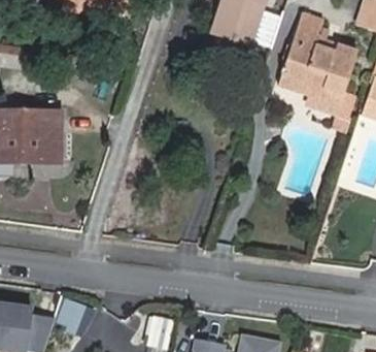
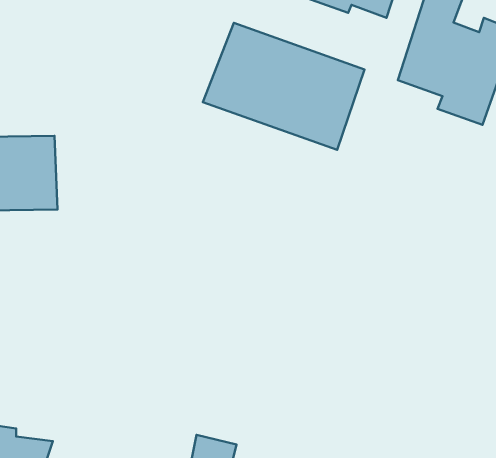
building: none -> [203,23,364,150]

